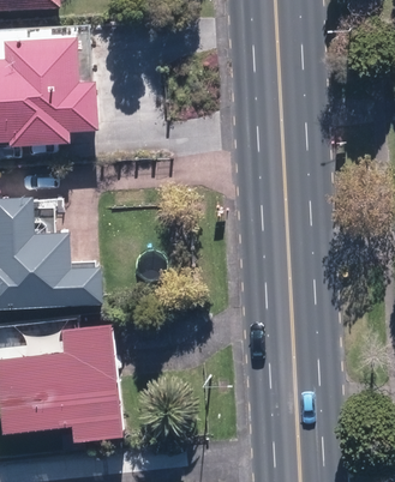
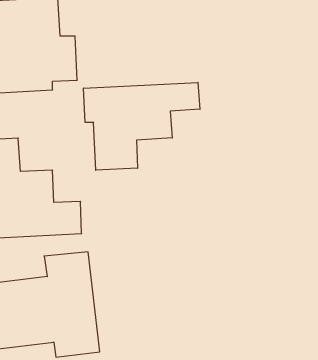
building: none -> [84,82,200,170]

